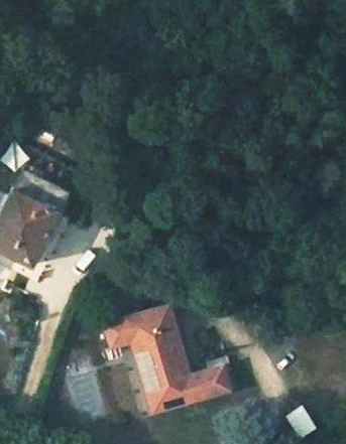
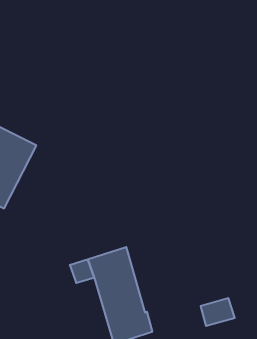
building: [192,368,230,400] -> [201,298,235,326]

